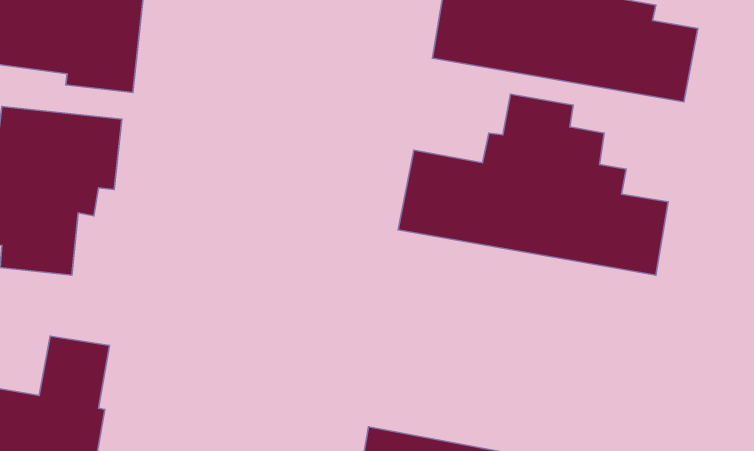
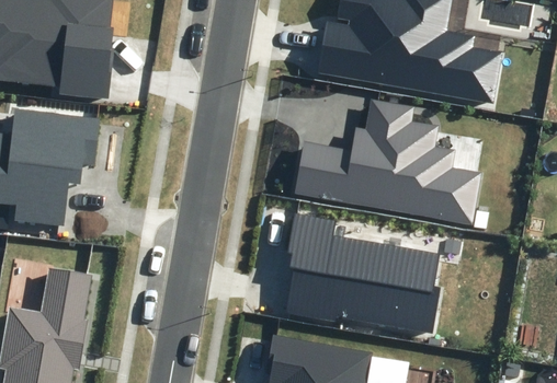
building: none -> [285,212,440,333]

